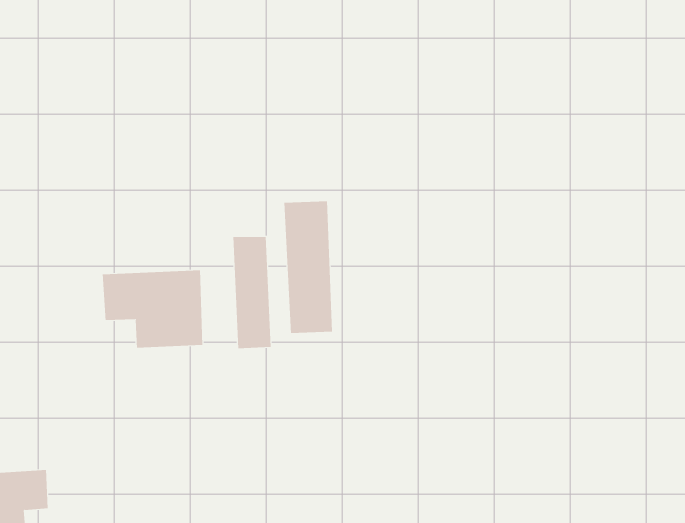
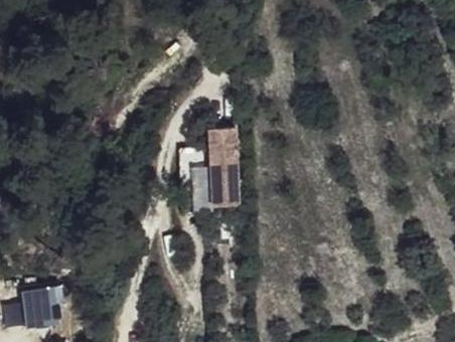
building: [102,269,203,348] -> none

